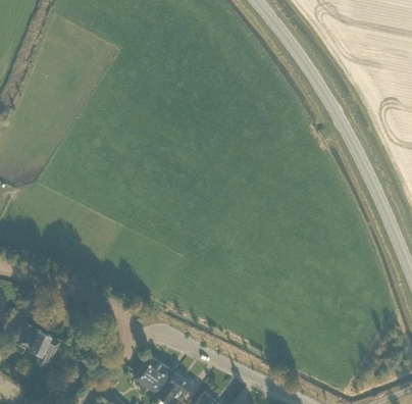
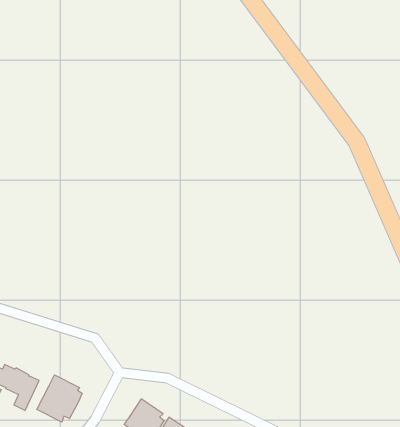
building: none -> [37,375,82,422]

